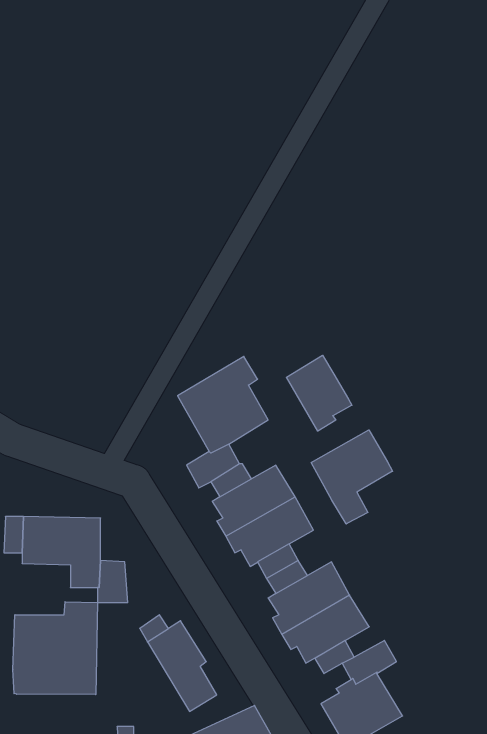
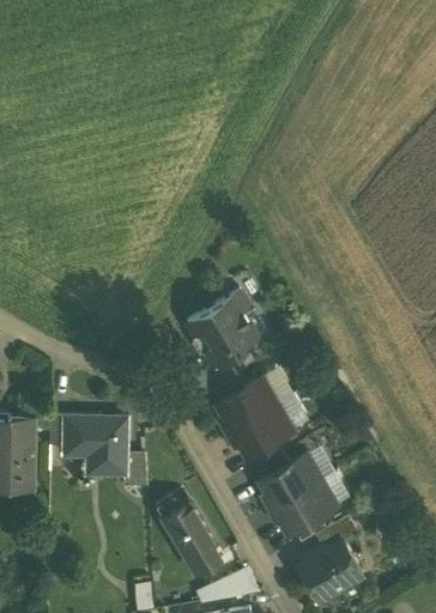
building: [286,355,352,431] -> none
building: [311,430,393,524] -> none
building: [13,602,98,695] -> none

